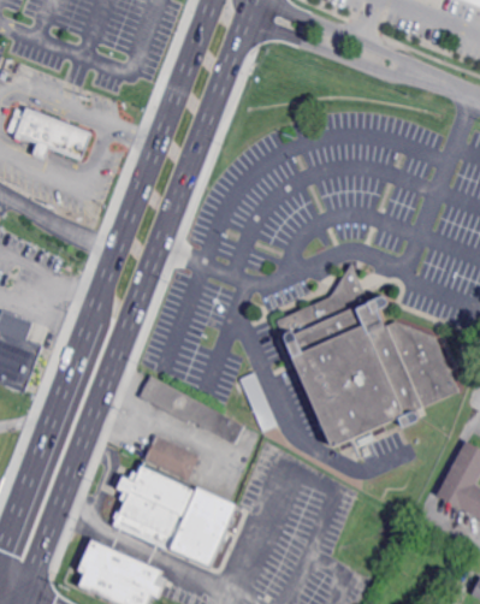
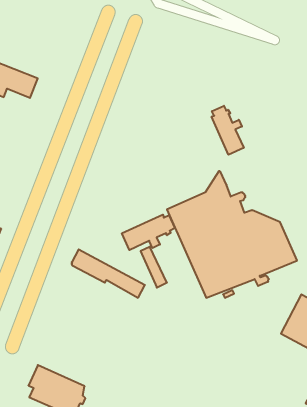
building: none -> [212,106,244,155]
building: none -> [122,215,175,250]
building: [114,434,232,565] -> none

